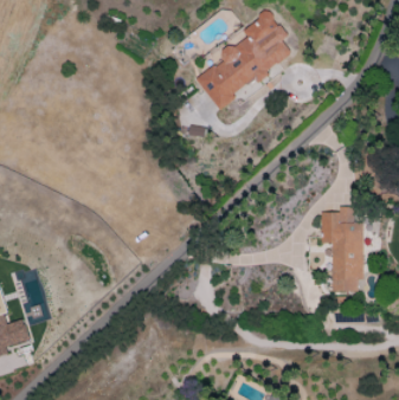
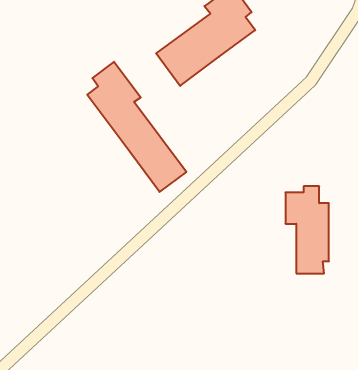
building: none -> [87,62,186,192]

